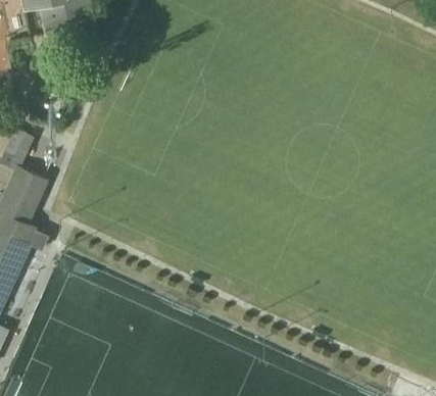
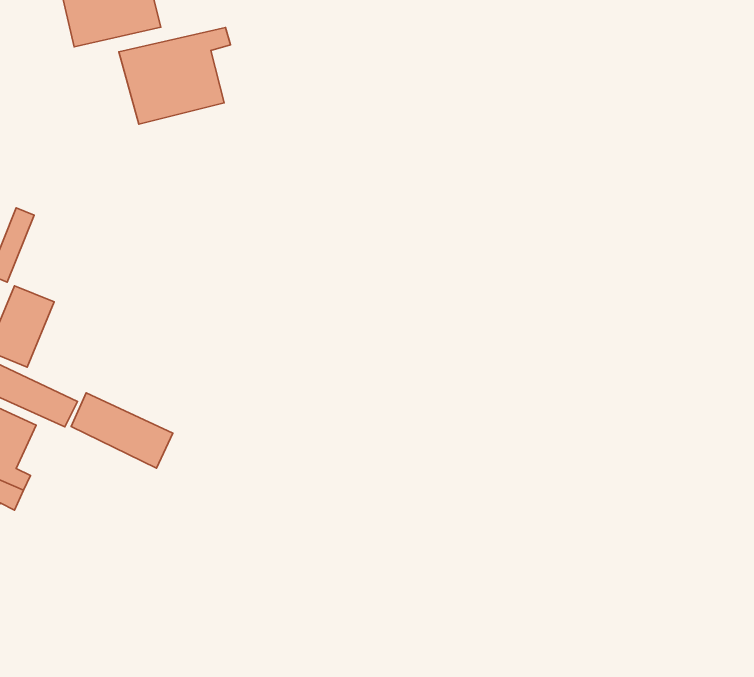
building: none -> [119,27,231,124]
building: none -> [71,393,173,468]

